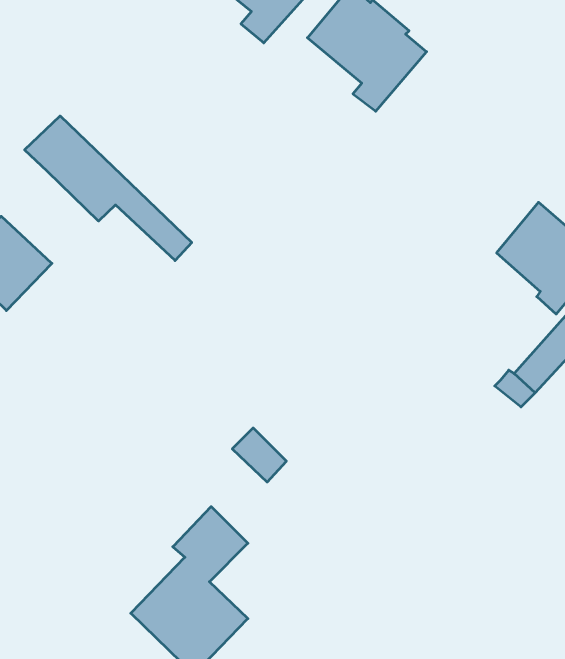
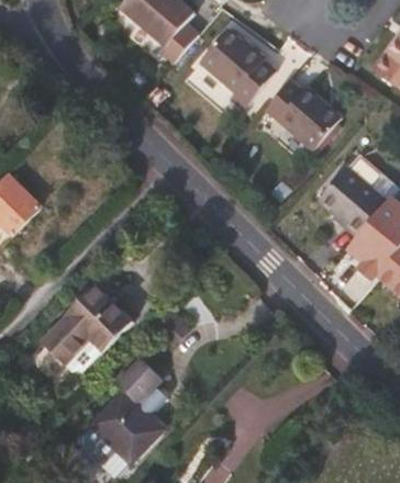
building: none -> [264,78,341,149]
building: [25,116,192,261] -> none
building: none -> [41,282,134,367]

